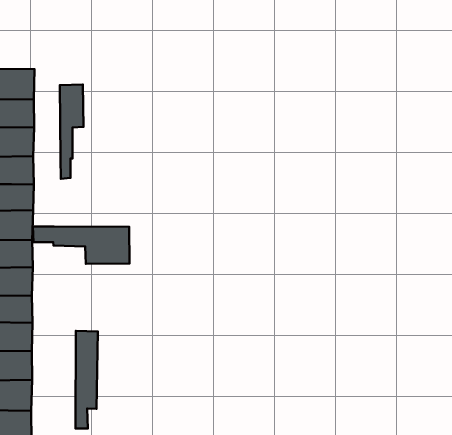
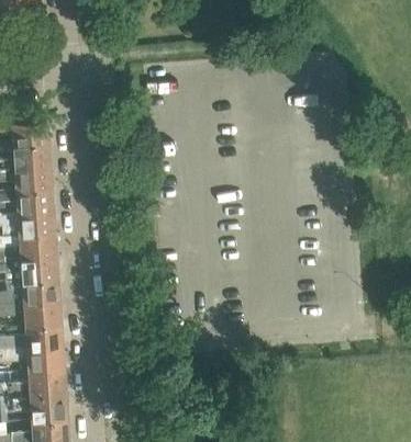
building: [60,84,83,179] -> none
building: [33,226,130,264] -> none
building: [75,331,98,429] -> none

